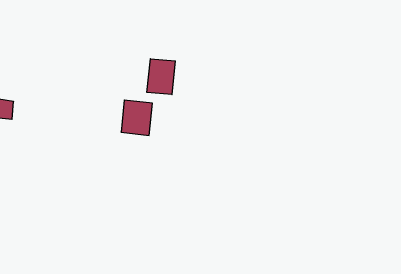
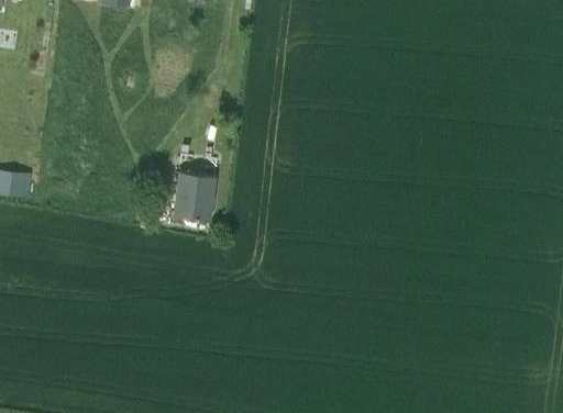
building: [147,59,175,95] -> none

